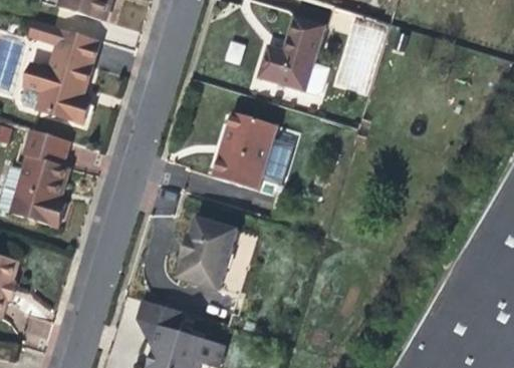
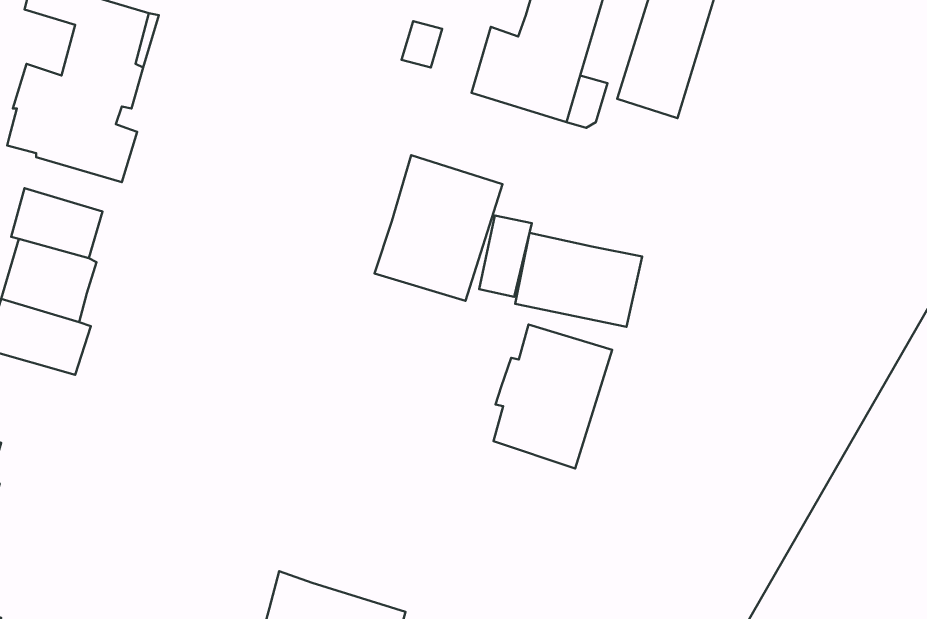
building: none -> [515,233,642,327]
building: [180,218,241,292] -> [494,325,612,468]
building: [137,297,183,344] -> none

